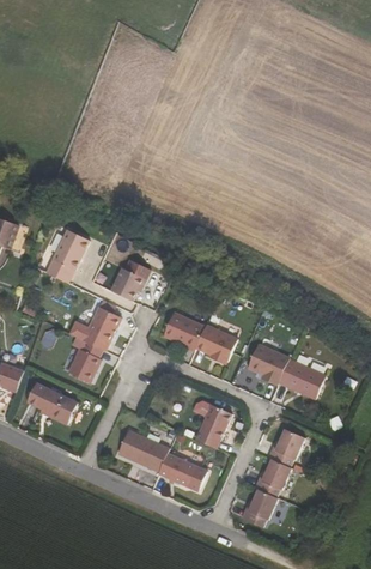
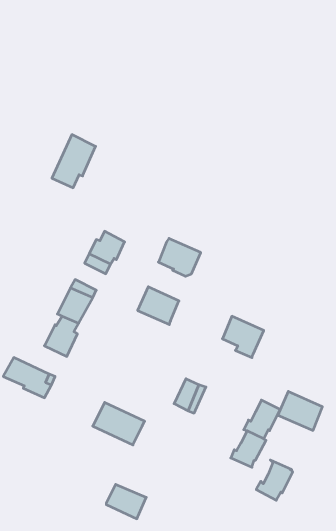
building: [43,228,87,282] -> [52,135,96,188]
building: [195,323,238,362] -> [158,238,201,276]
building: [279,357,324,397] -> [278,391,322,430]
building: [157,454,197,489] -> [106,484,146,519]
building: [242,486,279,527] -> [256,460,293,500]

